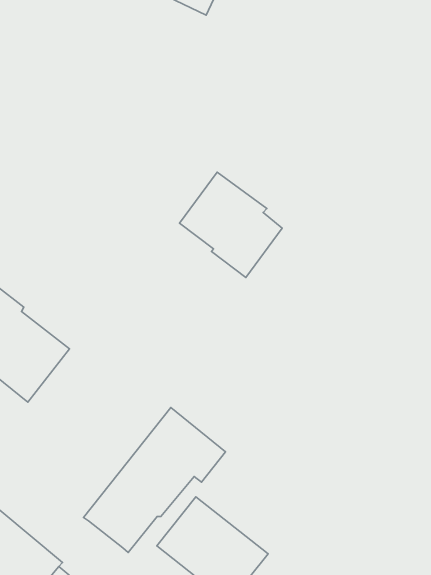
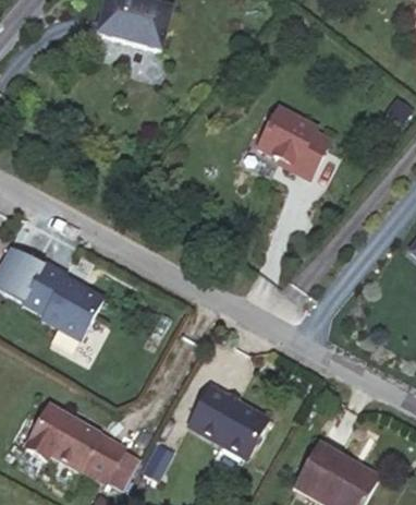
building: [179,172,282,278] -> [258,105,331,176]
building: [84,407,226,553] -> none

